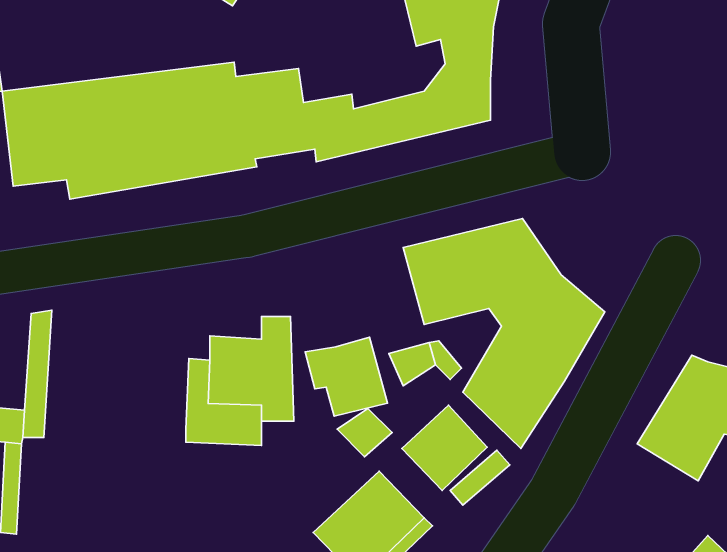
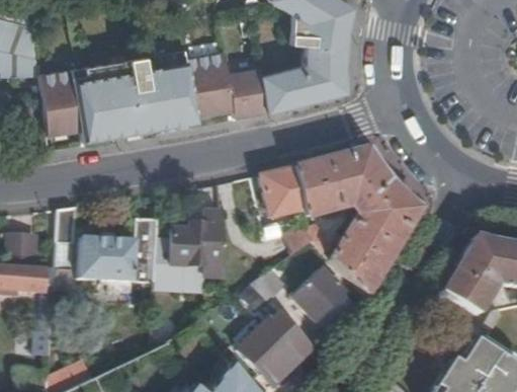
building: none -> [78,219,159,284]
building: [305,337,387,416] -> [252,169,304,219]

